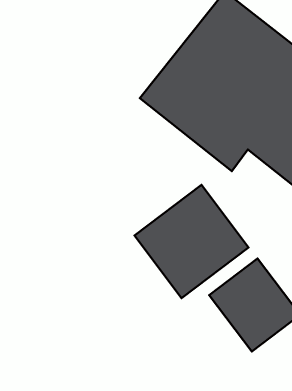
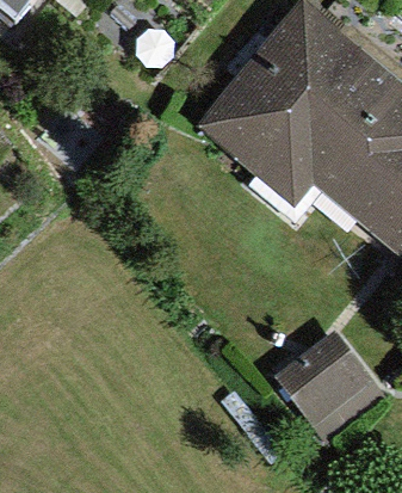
building: [134,185,249,298] -> none

